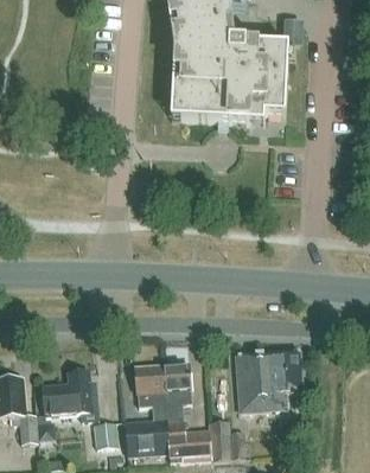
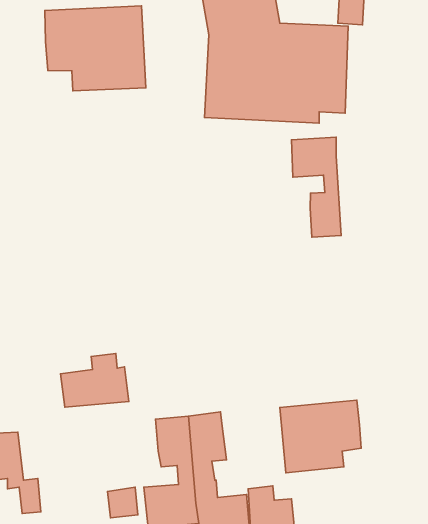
building: none -> [45,6,146,91]
building: none -> [292,137,341,237]
building: [40,370,96,414] -> [61,354,129,407]

